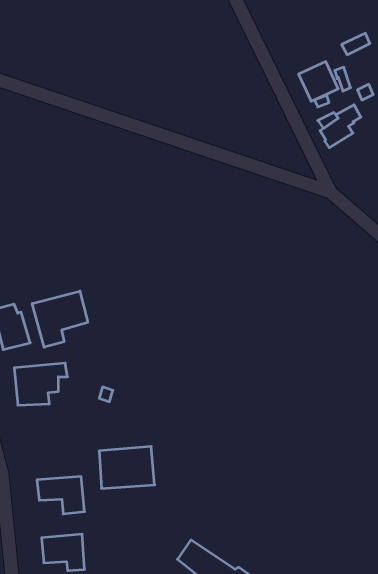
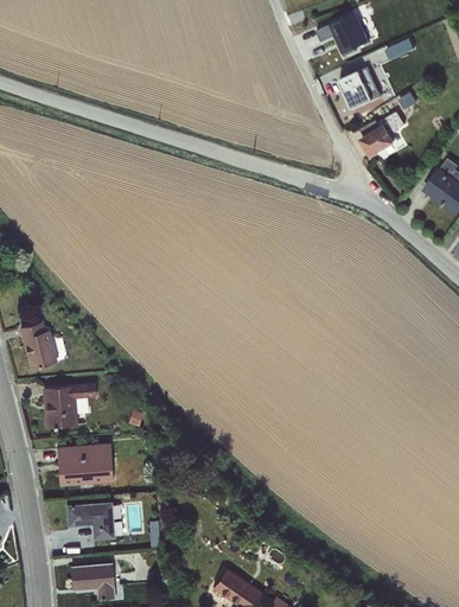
building: none -> [315,13,368,57]
building: [32,291,88,347] -> none
building: [99,446,155,488] -> [55,442,113,486]

